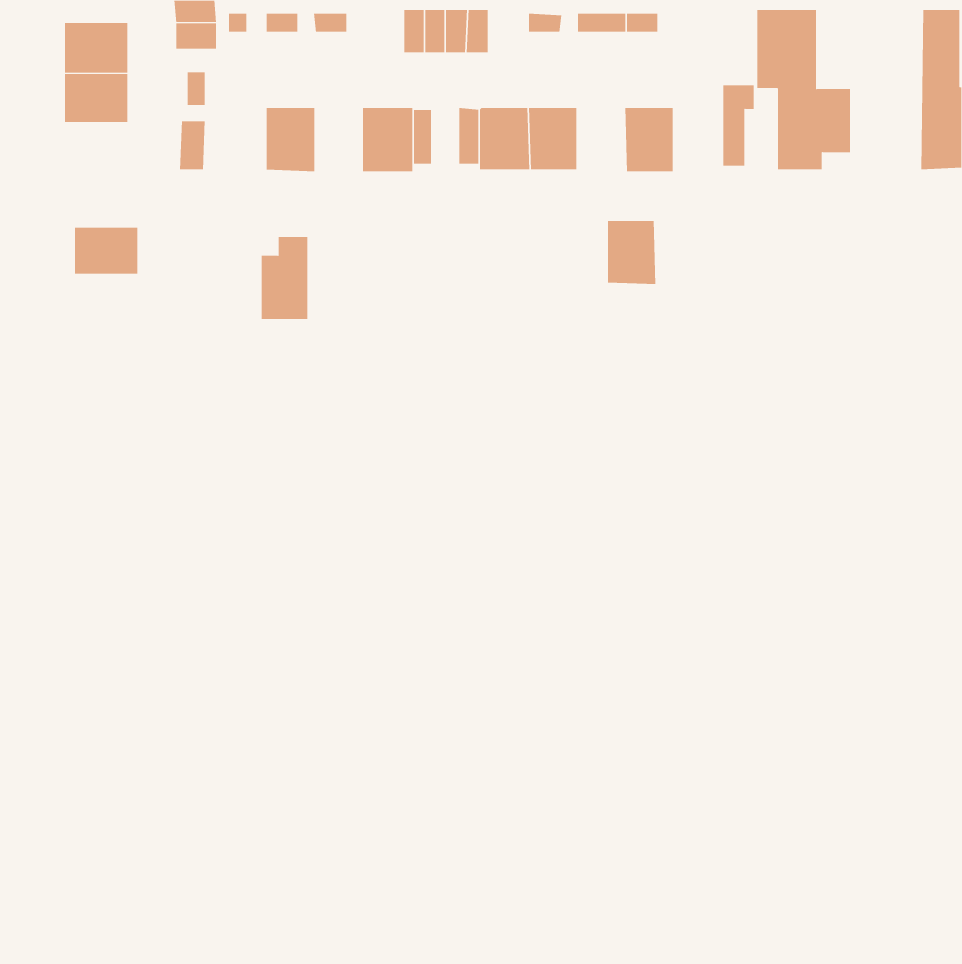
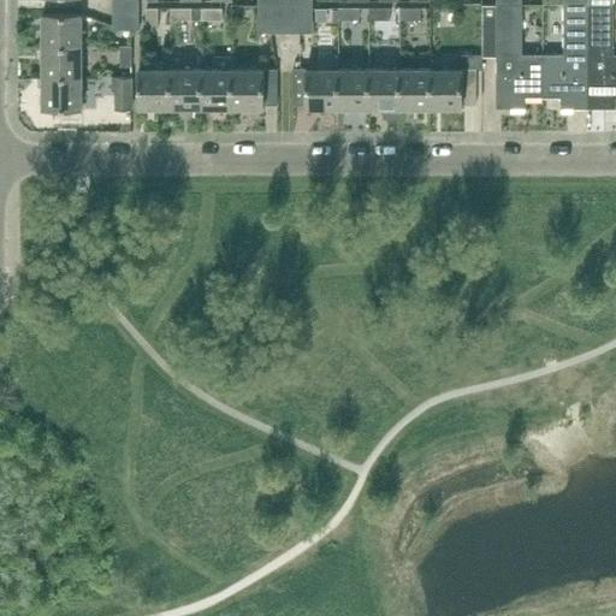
building: none -> [543,6,588,108]
building: none -> [138,69,170,108]
building: none -> [430,69,461,109]
building: [607,220,656,285] -> [368,69,399,109]
building: [74,227,138,274] -> [41,78,82,108]
building: [261,236,308,319] -> [201,57,231,109]

